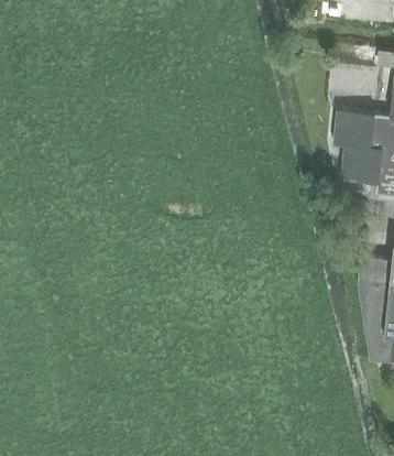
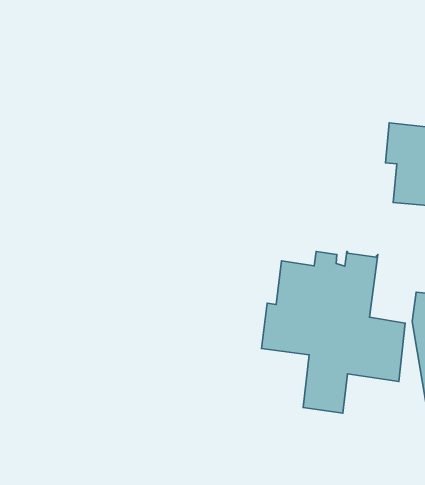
building: none -> [261,251,405,413]

